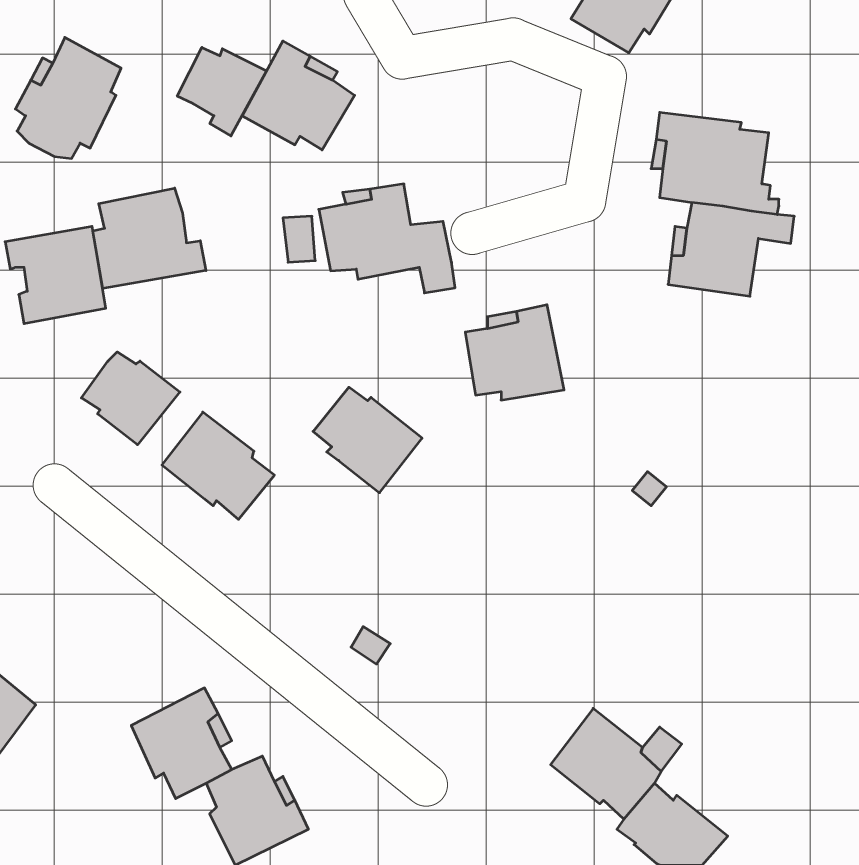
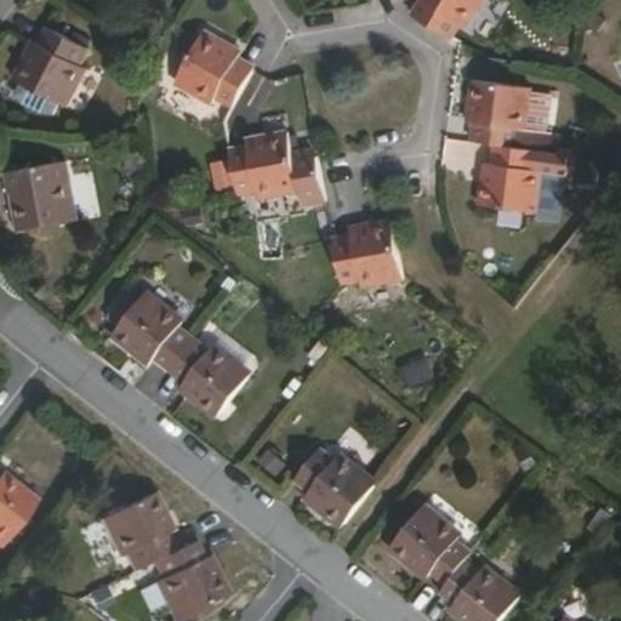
building: [177,47,267,136] -> none
building: [93,188,206,289] -> none
building: [81,352,180,445] -> none
building: [313,387,422,493] -> [170,338,247,414]
building: none -> [292,445,374,523]

